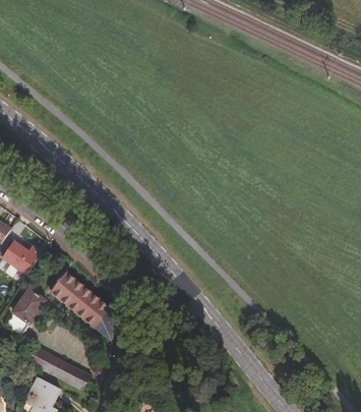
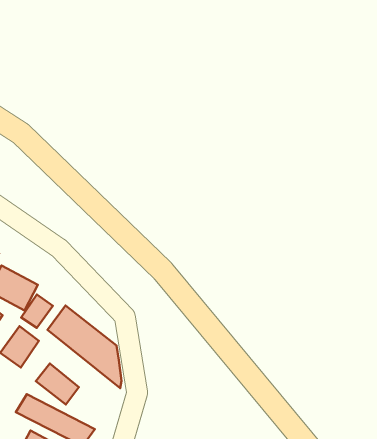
building: none -> [21,294,53,328]
building: none -> [36,363,79,405]

